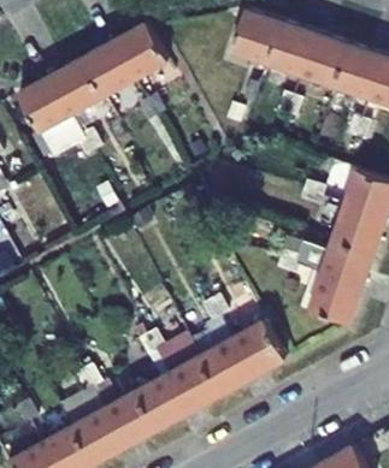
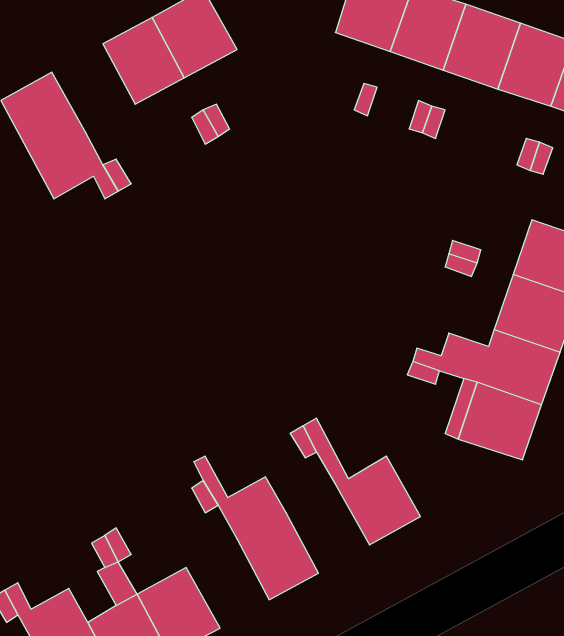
building: [49,58,102,114] -> none
building: [199,338,252,395] -> none
building: [135,373,188,430] -> none

